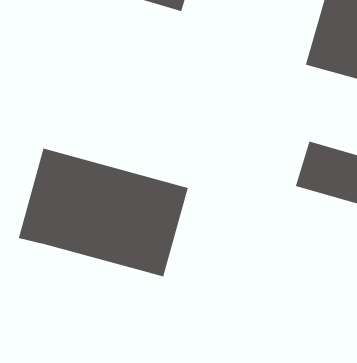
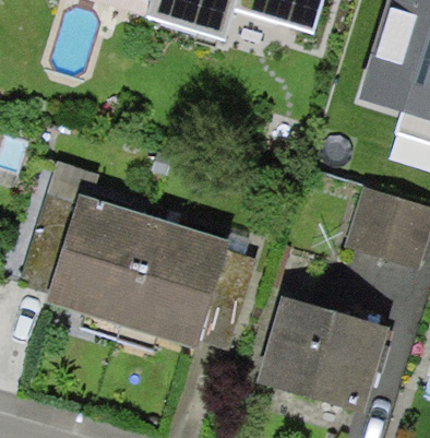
building: none -> [252,293,387,410]

